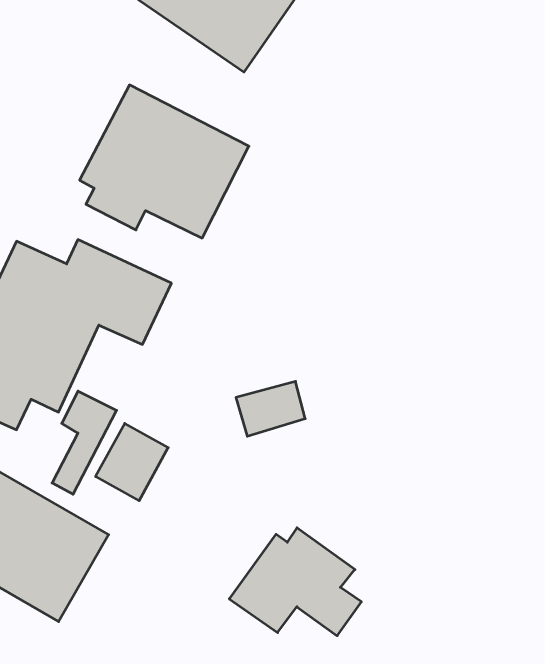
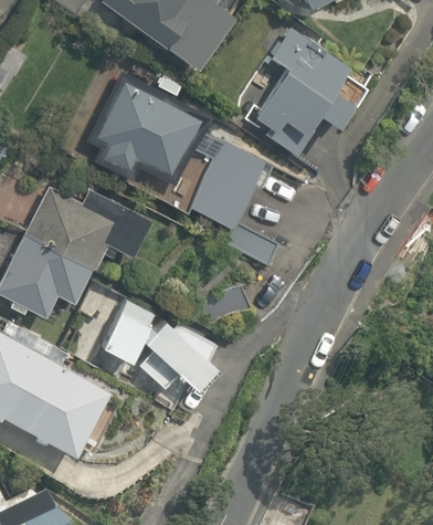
building: none -> [257,29,371,141]
building: none -> [193,143,272,229]
building: [229,528,361,636] -> [133,318,223,392]

